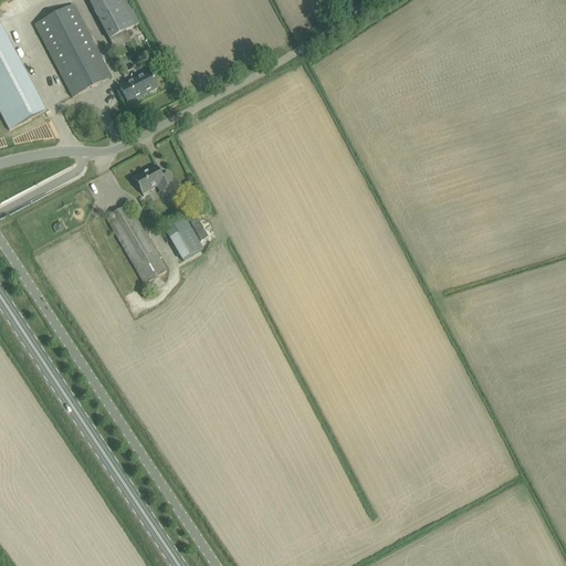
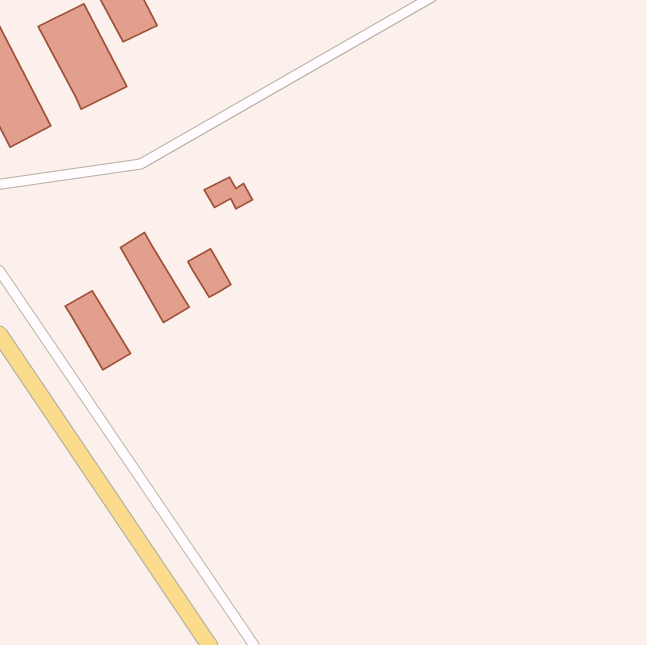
building: [118,66,157,102] -> none
building: [133,165,175,192] -> [204,177,252,209]
building: none -> [65,291,130,370]

